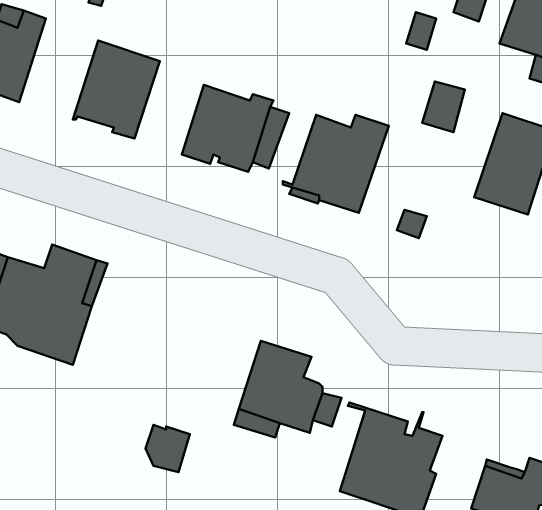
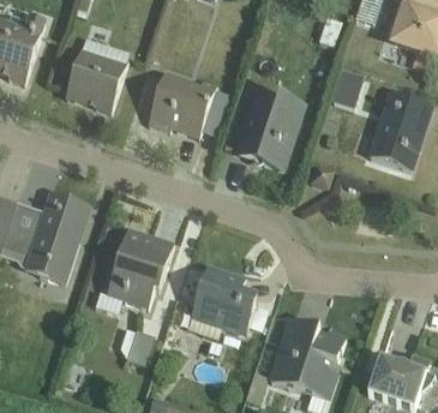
building: none -> [106,228,174,309]

